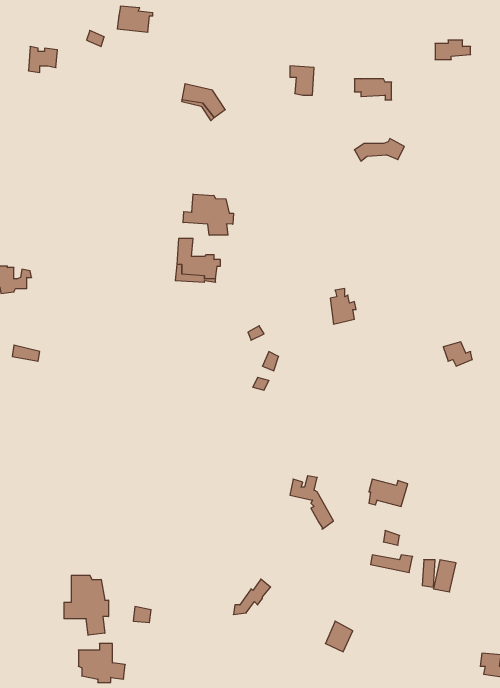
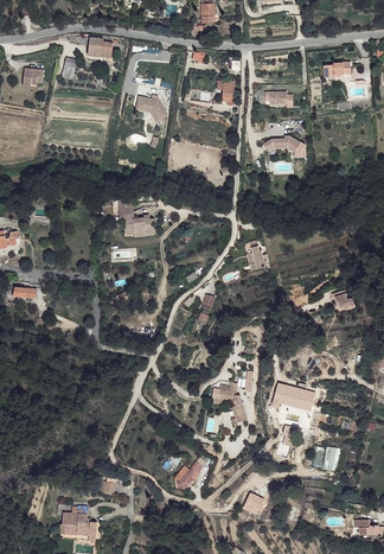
building: [183,194,233,235] -> none
building: [64,575,108,635] -> none

